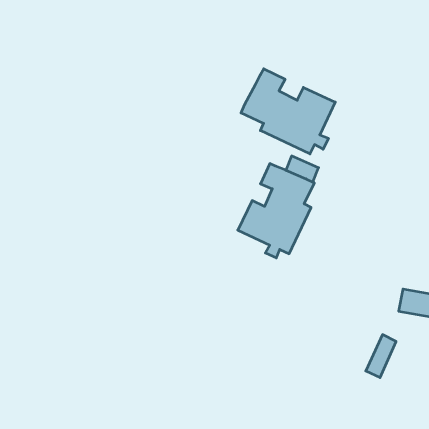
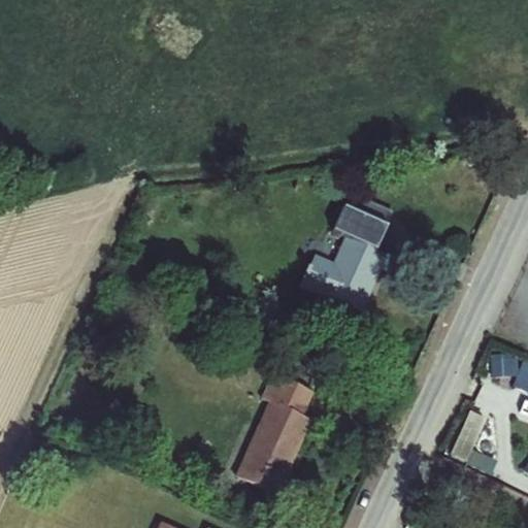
building: [241,69,335,154] -> none
building: none -> [246,384,310,477]

